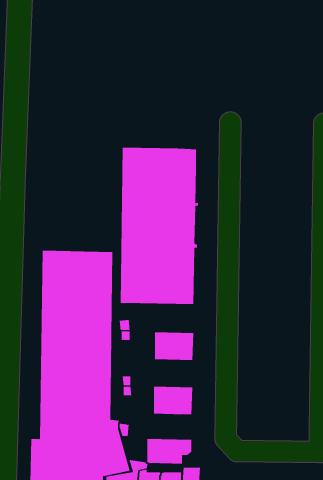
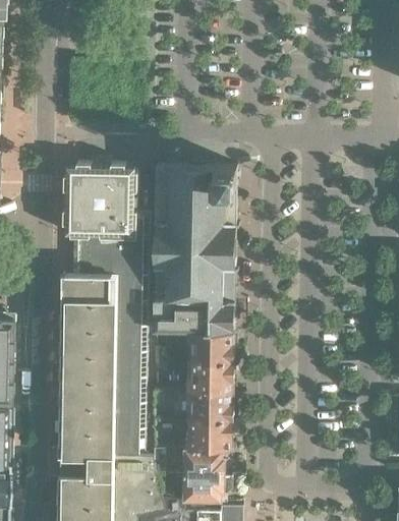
building: none -> [62,159,148,275]
building: none -> [174,330,233,361]
building: none -> [189,390,232,419]
building: none -> [182,448,231,475]

